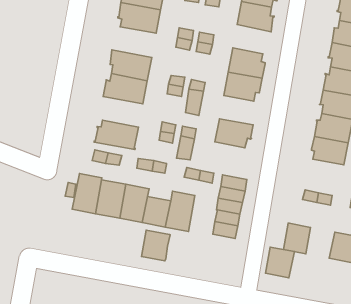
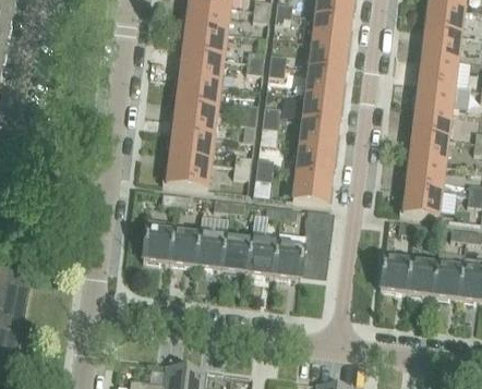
building: none -> [310,41,351,72]
building: none -> [176,52,224,84]
building: none -> [300,121,340,151]
building: none -> [167,131,214,162]
building: none -> [292,173,334,203]
building: none -> [400,185,442,216]
building: [141,230,170,261] -> [274,245,304,278]
building: [266,247,294,278] -> [406,262,436,294]

